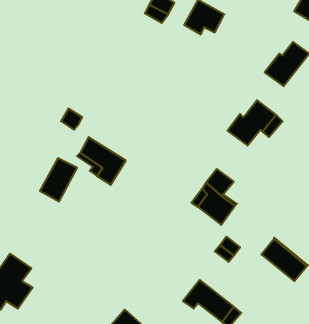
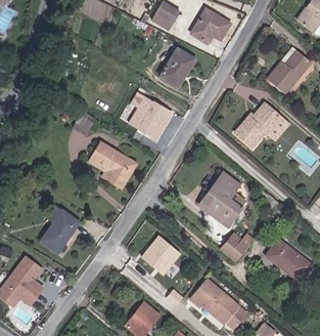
building: none -> [164,47,197,87]
building: none -> [132,93,172,139]
building: [40,158,77,202] -> [42,209,78,251]
building: none -> [141,233,184,275]

